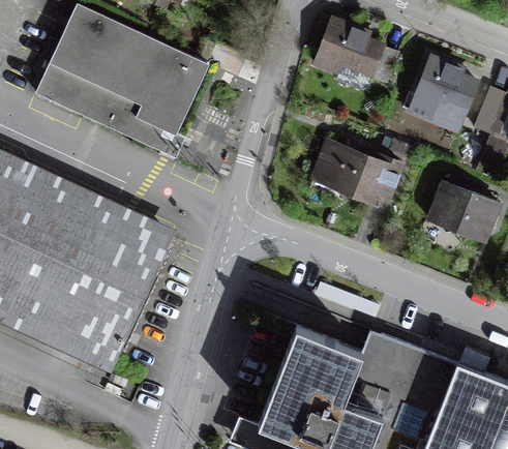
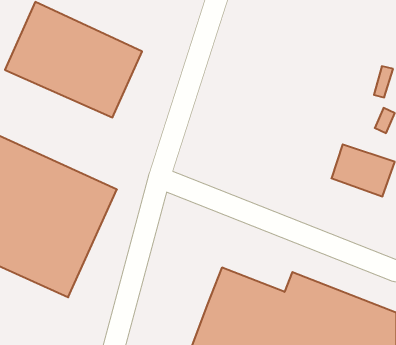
building: [318,17,392,81] -> none
building: [405,54,480,124] -> none
building: [310,140,405,212] -> none

